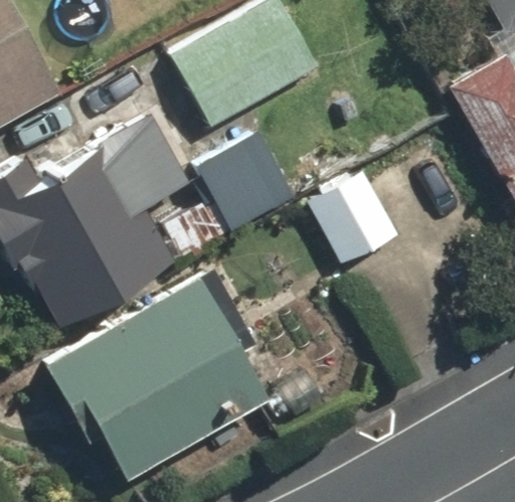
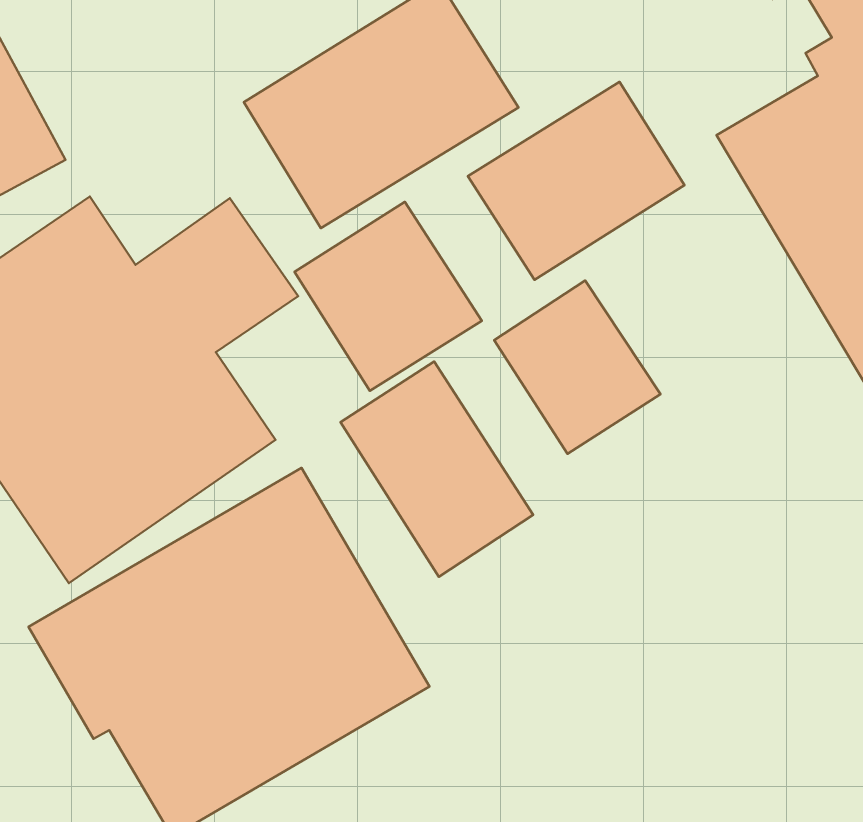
building: none -> [468,82,684,280]
building: none -> [340,362,533,577]

